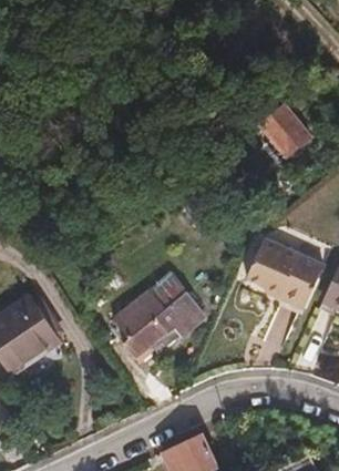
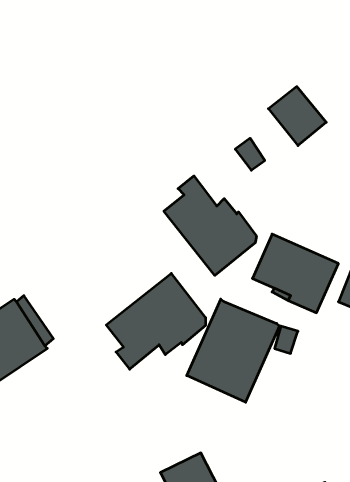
building: none -> [164,176,256,275]
building: none -> [187,299,280,402]

